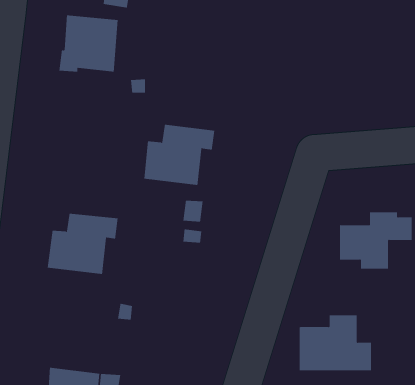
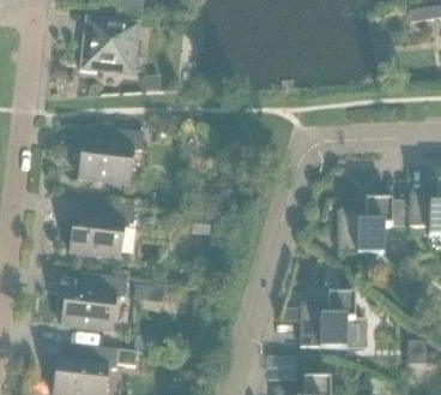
building: [143,124,215,185] -> [78,126,144,182]
building: none -> [60,271,126,330]

